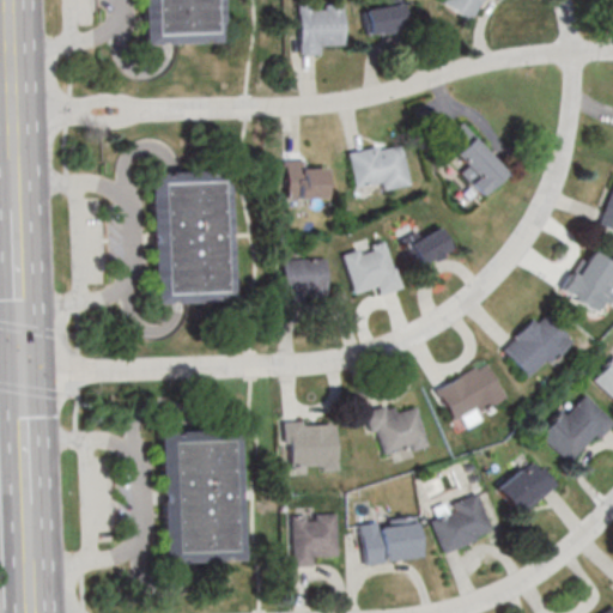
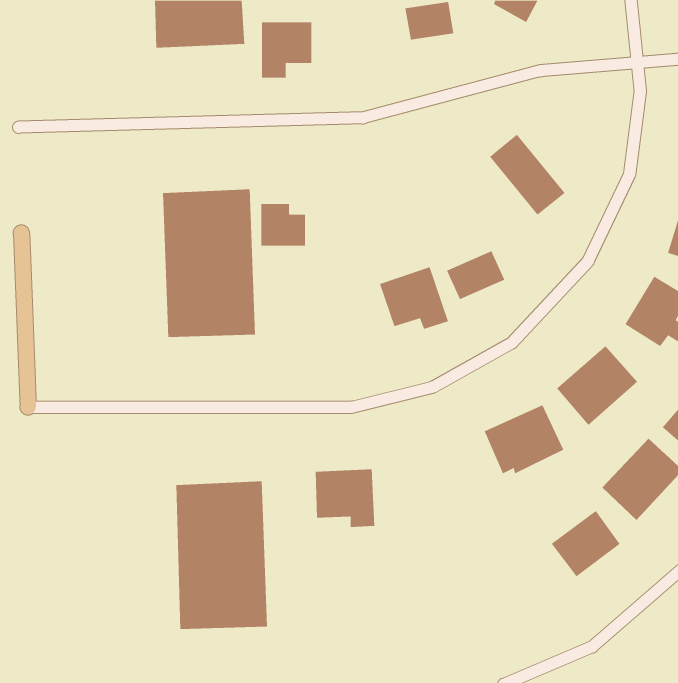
building: [303,6,348,56] -> [261,22,312,78]
building: [352,144,413,192] -> none
building: [289,162,329,200] -> [260,203,306,246]
building: [286,259,330,302] -> none
building: [368,406,431,457] -> none
building: [433,492,497,554] -> none
building: [295,514,340,568] -> none
building: [363,516,425,566] -> none

